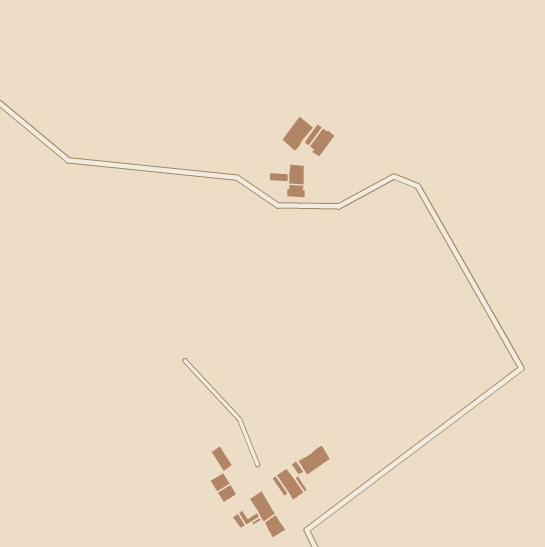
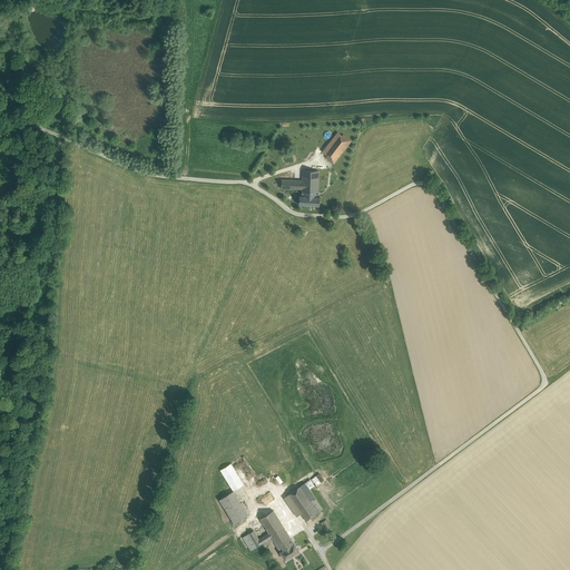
building: [281,115,314,151] -> none
building: [298,445,331,476] -> none

